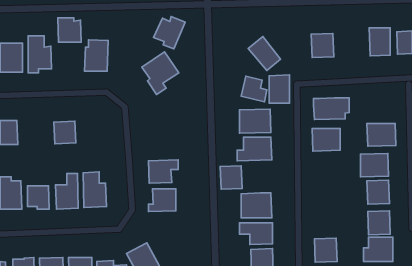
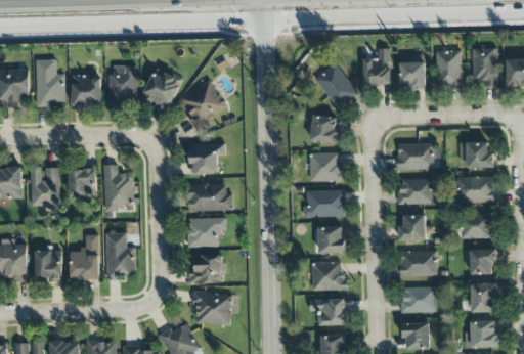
building: [154,17,185,49] -> [142,72,182,113]
building: [58,18,81,42] -> [72,75,101,105]
building: none -> [434,51,460,87]
building: [269,75,289,103] -> [361,48,387,84]
building: none -> [472,138,500,169]
building: none -> [189,143,225,175]
building: none -> [103,165,134,212]
building: none -> [31,167,59,207]
building: none -> [188,184,232,212]
building: none -> [394,210,431,239]
building: [220,166,242,189] -> [322,222,350,252]
building: none -> [398,248,435,276]
building: none -> [399,286,435,312]
building: none -> [192,293,232,325]

